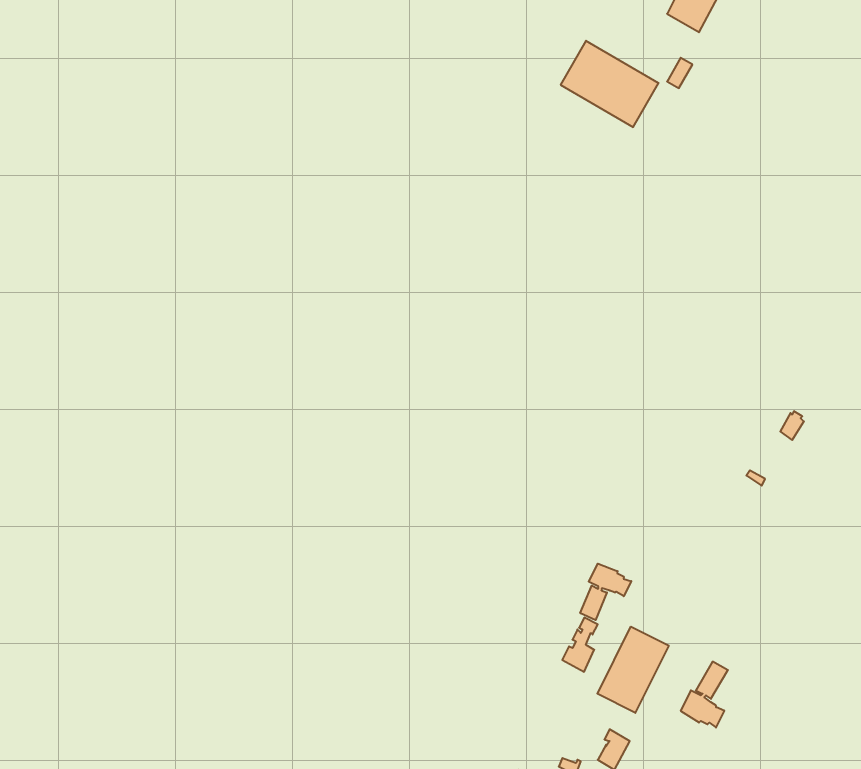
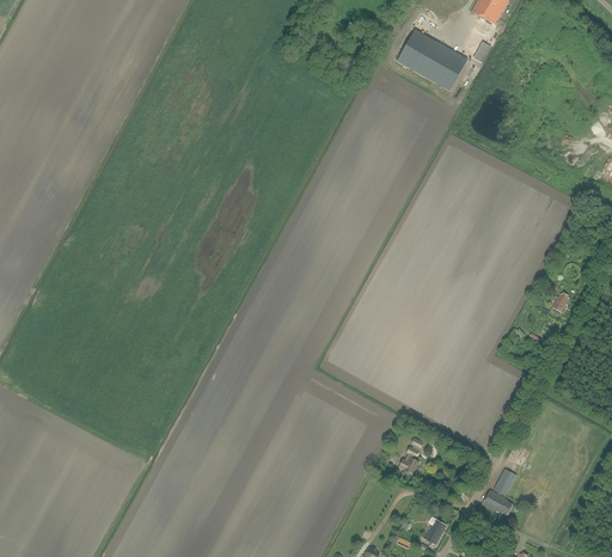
building: [580,564,631,620] -> none
building: [597,627,669,713] -> none

